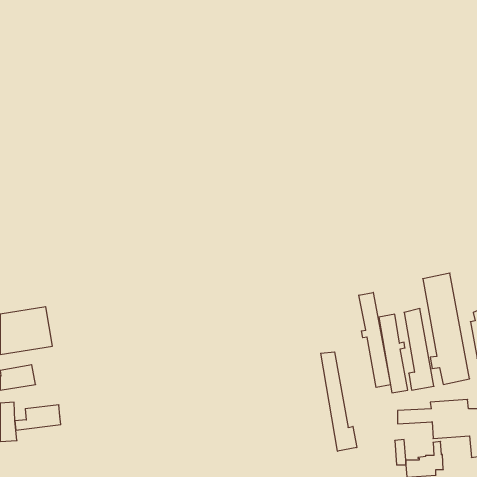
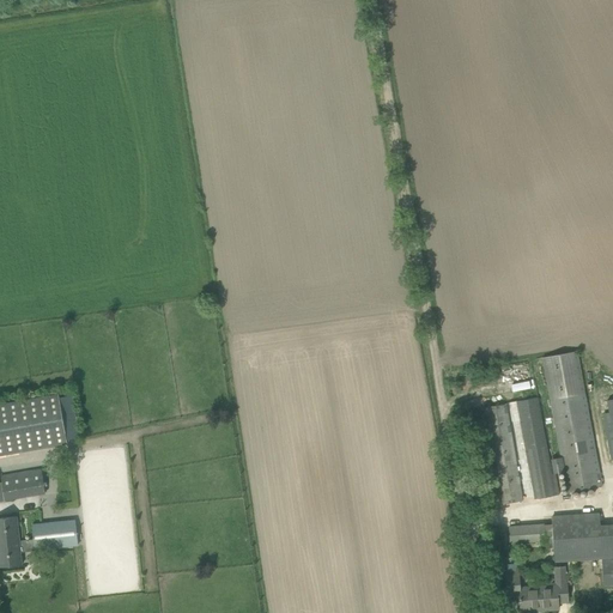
building: [359,292,391,387] -> none
building: [321,352,357,451] -> none

